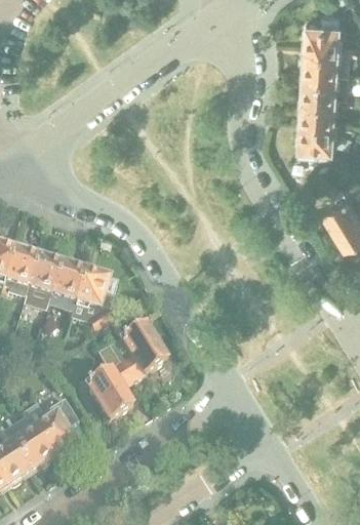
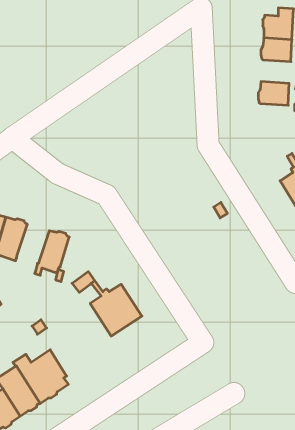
building: [302,69,337,95] -> none
building: [298,118,334,155] -> none
building: [29,254,65,295] -> none
building: [77,269,119,311] -> none
building: [89,344,134,419] -> none

